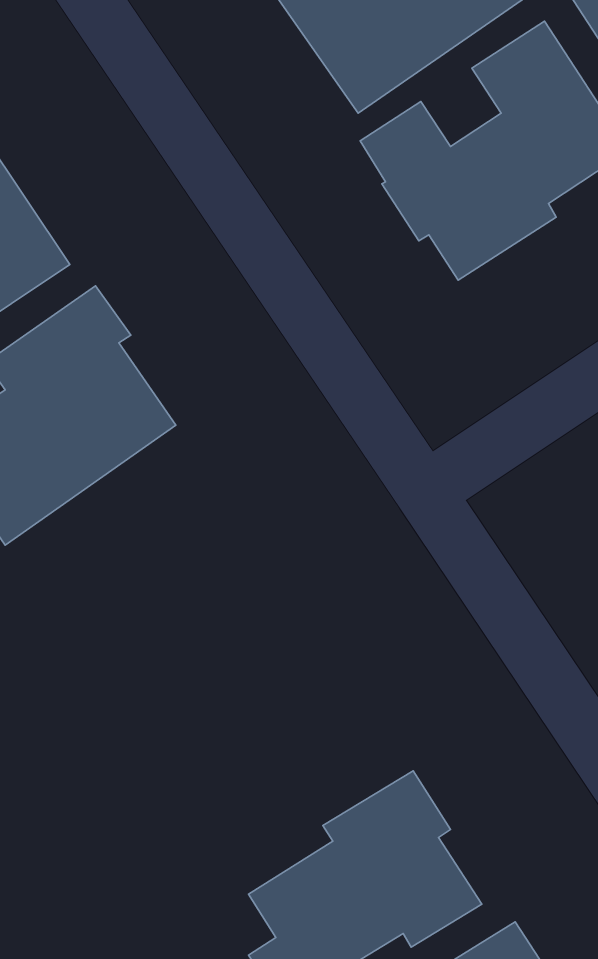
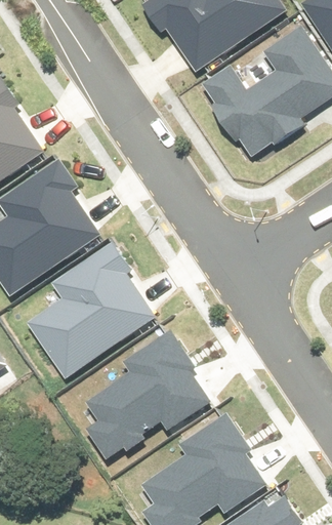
building: none -> [29,243,159,377]
building: none -> [84,331,206,456]

